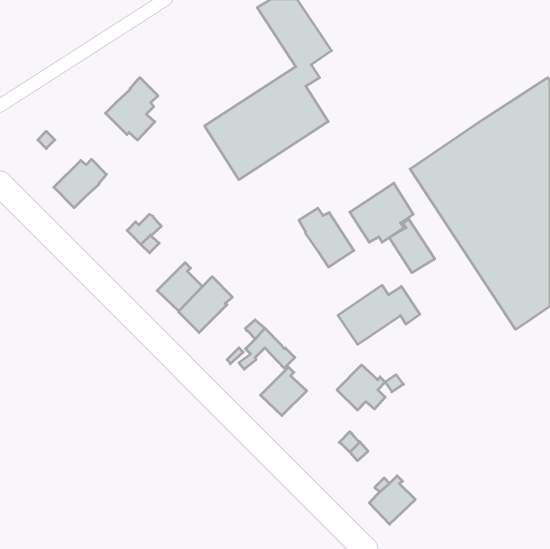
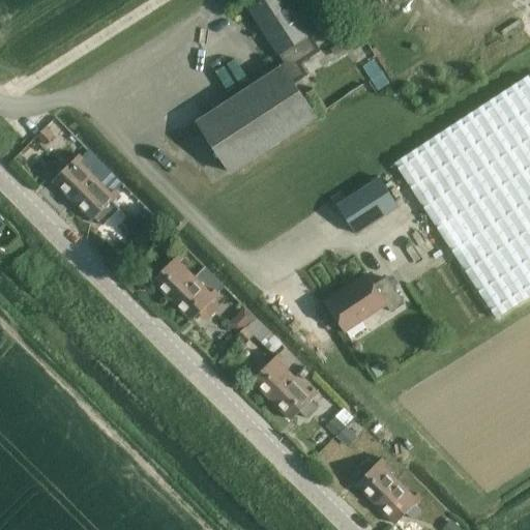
building: [105,78,158,140] -> [71,166,122,226]
building: [299,208,354,267] -> none
building: [389,219,435,273] -> none
building: [337,365,385,410] -> [271,376,318,419]
building: none -> [375,480,422,524]

